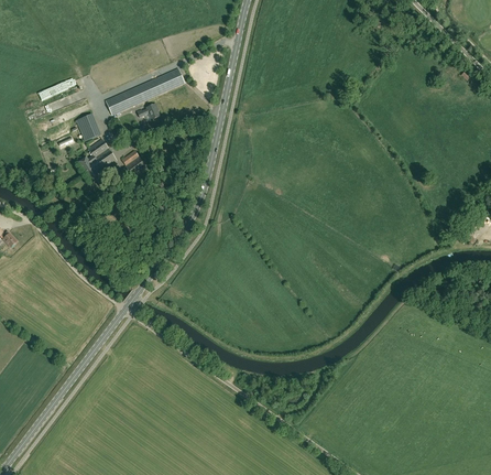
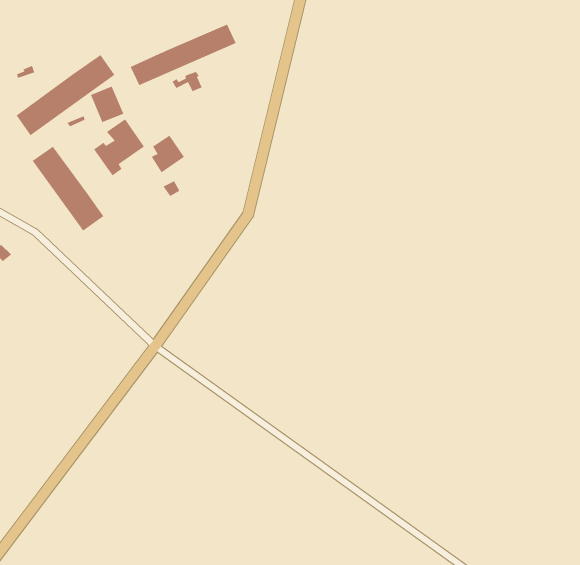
building: none -> [16,54,115,136]
building: none -> [32,146,104,231]

